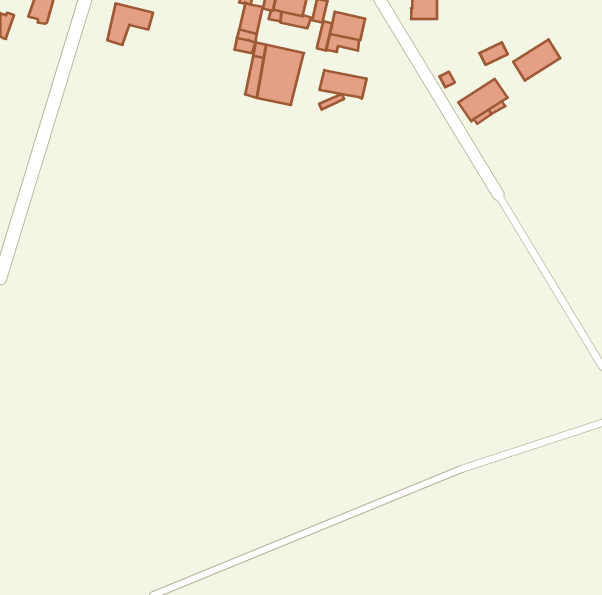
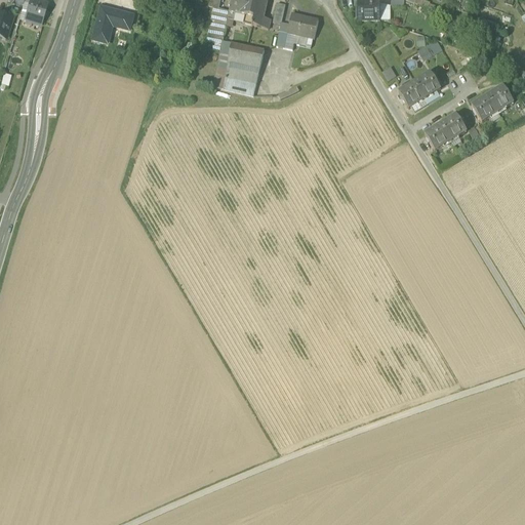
building: [513,39,560,81] -> [473,82,514,118]
building: [320,70,366,99] -> none
building: none -> [426,112,467,147]

